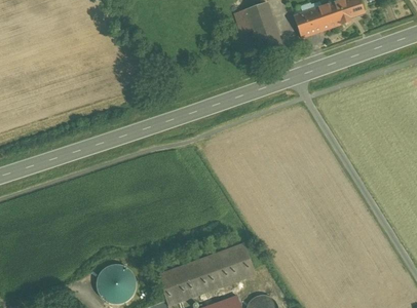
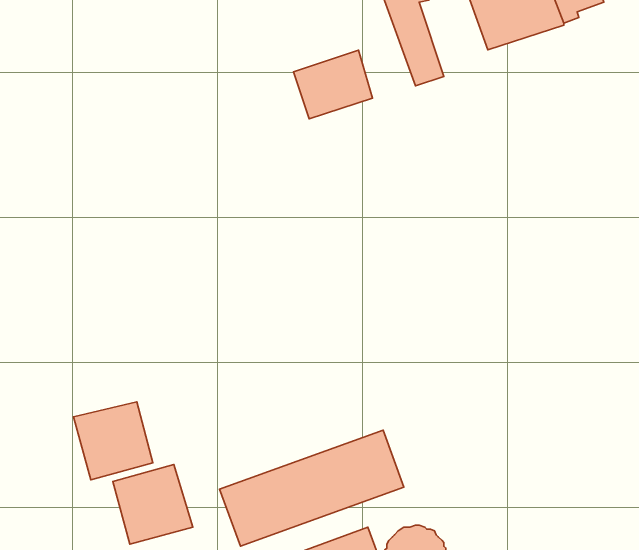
building: none -> [293,50,372,119]
building: none -> [74,402,153,480]

